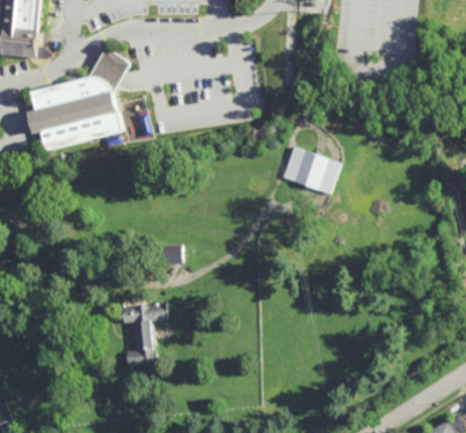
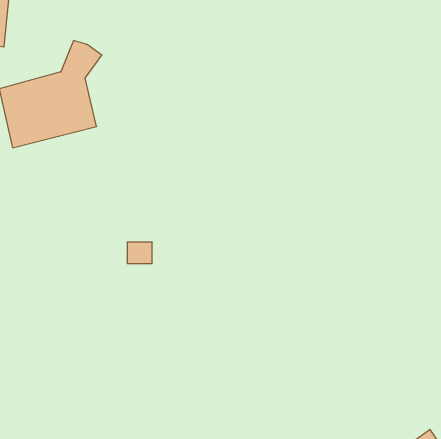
building: [280,144,339,193] -> none
building: [119,303,165,367] -> none

